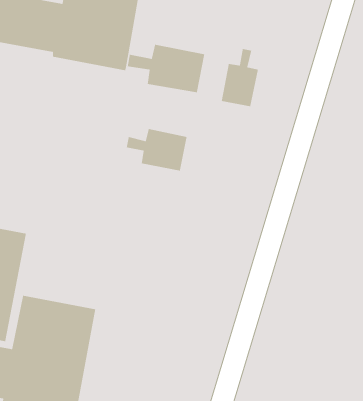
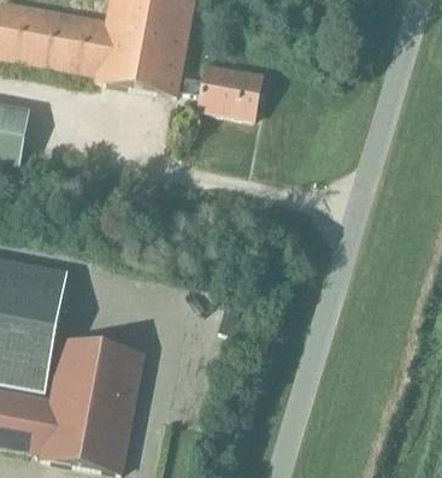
building: [221,48,259,107] -> none
building: [126,128,187,171] -> none

